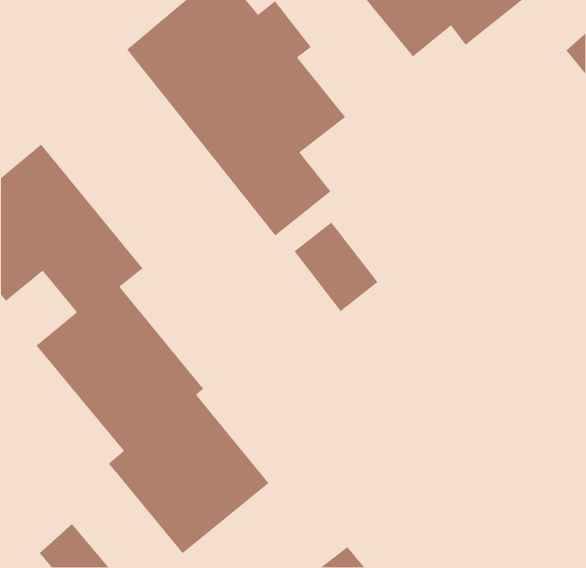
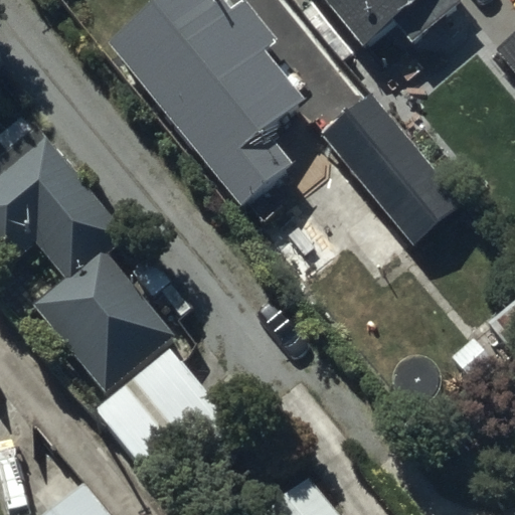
building: none -> [322,90,463,242]

